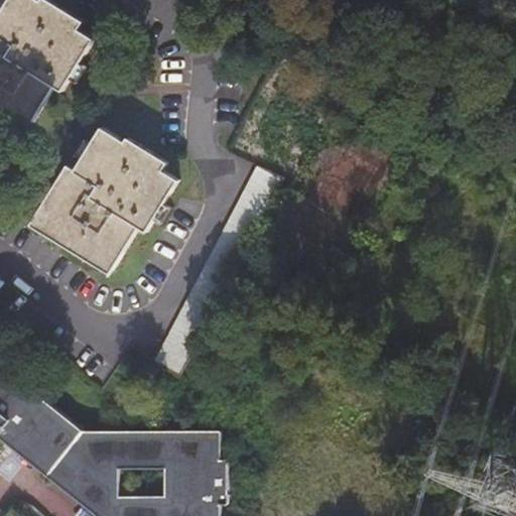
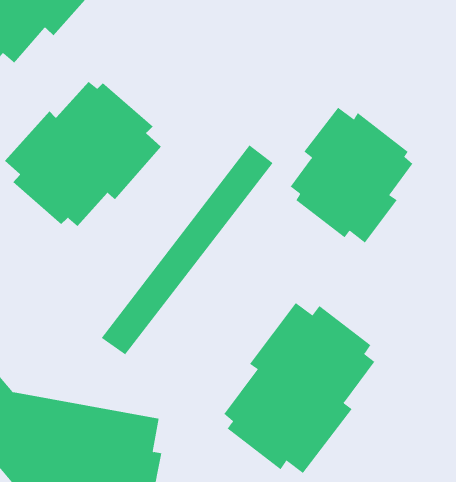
building: none -> [290,107,413,243]
building: none -> [224,302,375,474]

